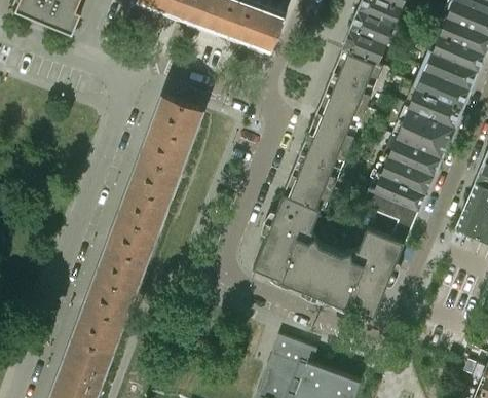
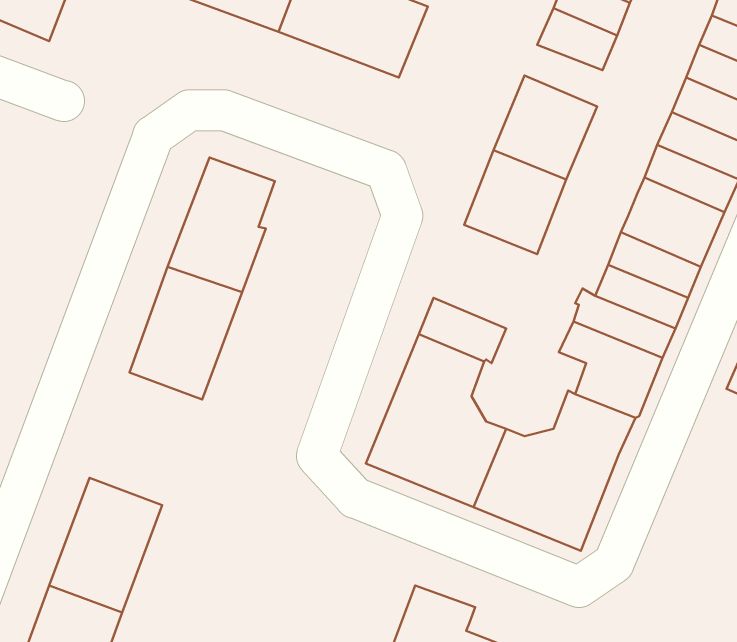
building: [341,31,385,63] -> none
building: [290,133,348,191] -> none
building: [96,216,159,291] -> none

